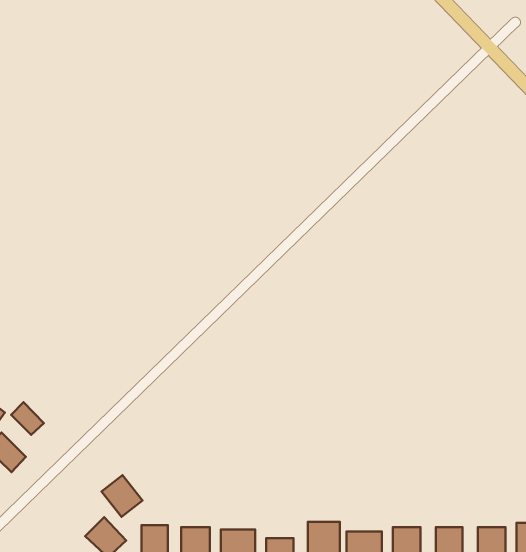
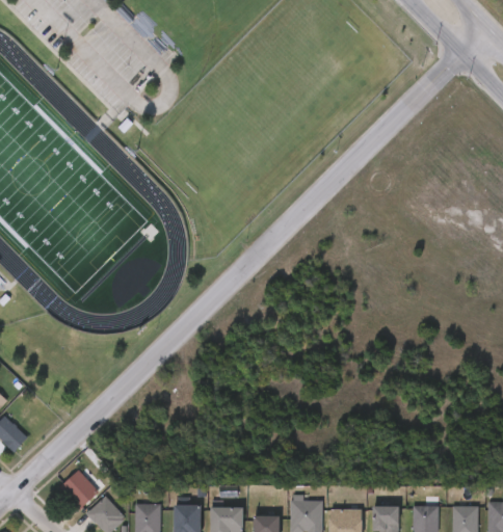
building: [11,402,44,435] -> none
building: [102,475,142,517] -> [56,470,95,509]

